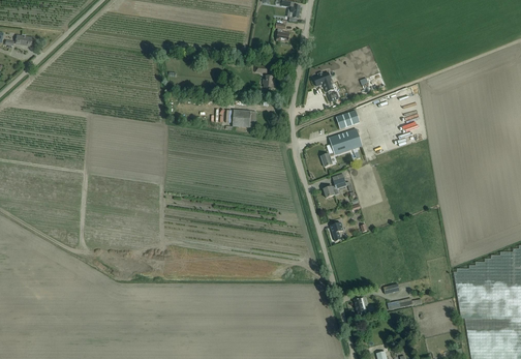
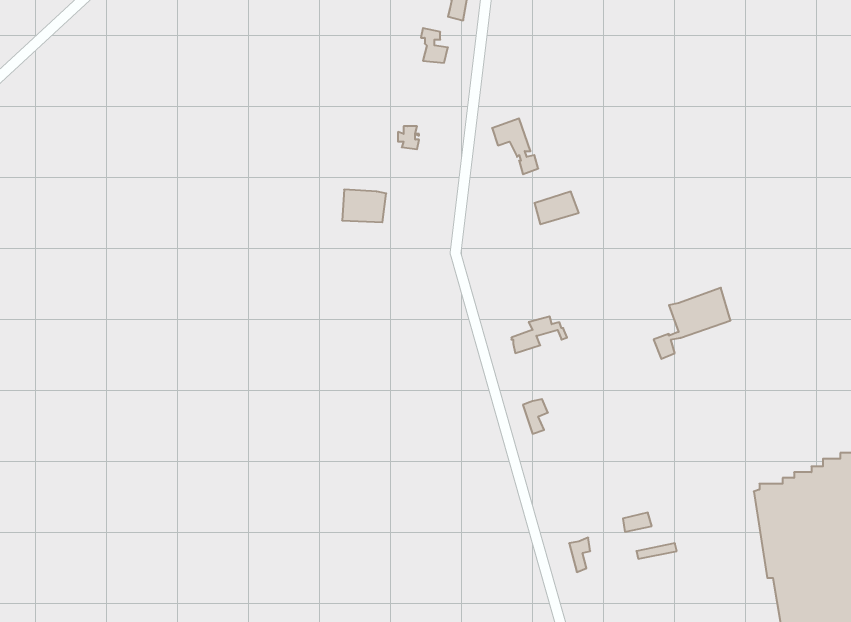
building: [320,128,362,167] -> [654,288,731,359]

